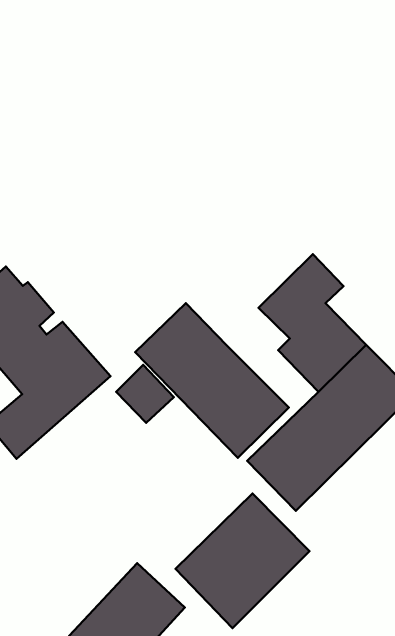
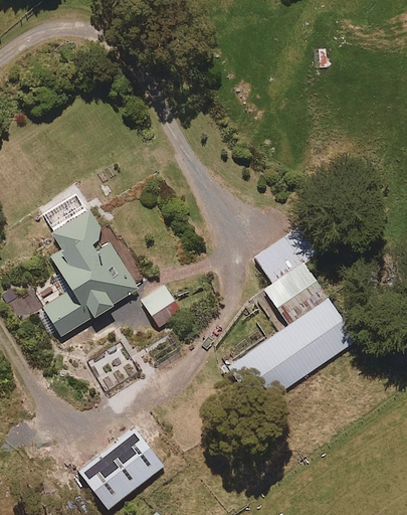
building: [135,303,289,458] -> none
building: [176,494,310,628] -> none

